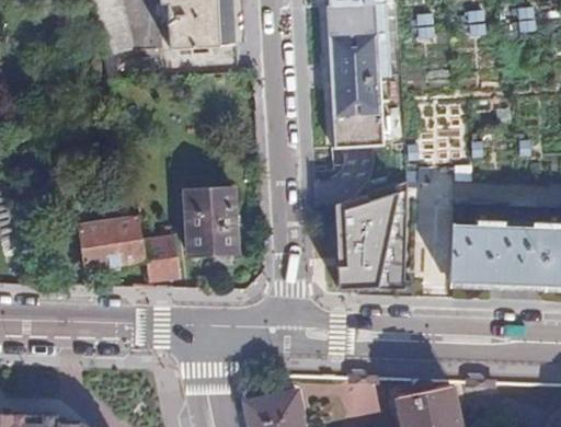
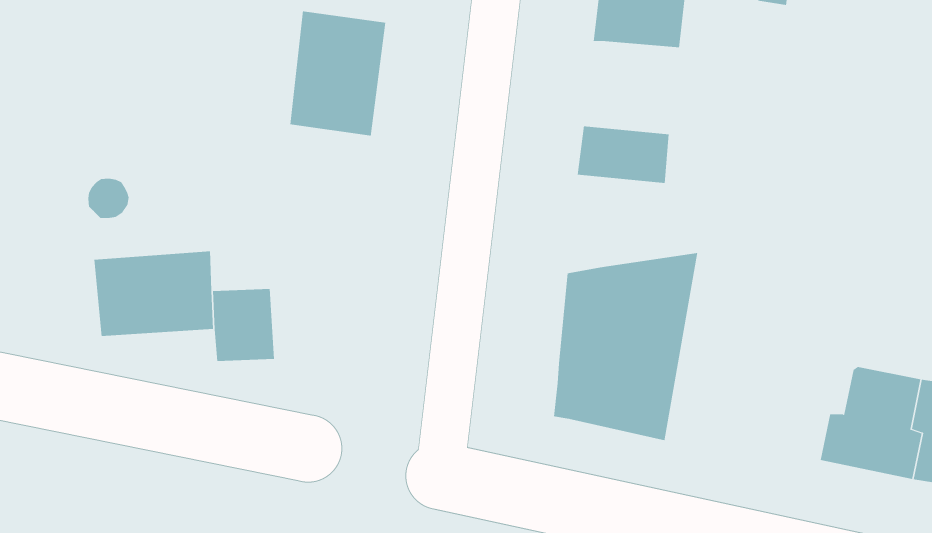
building: [331,70,380,122] -> none
building: [186,189,236,254] -> [289,11,386,136]
building: [451,220,504,284] -> none

